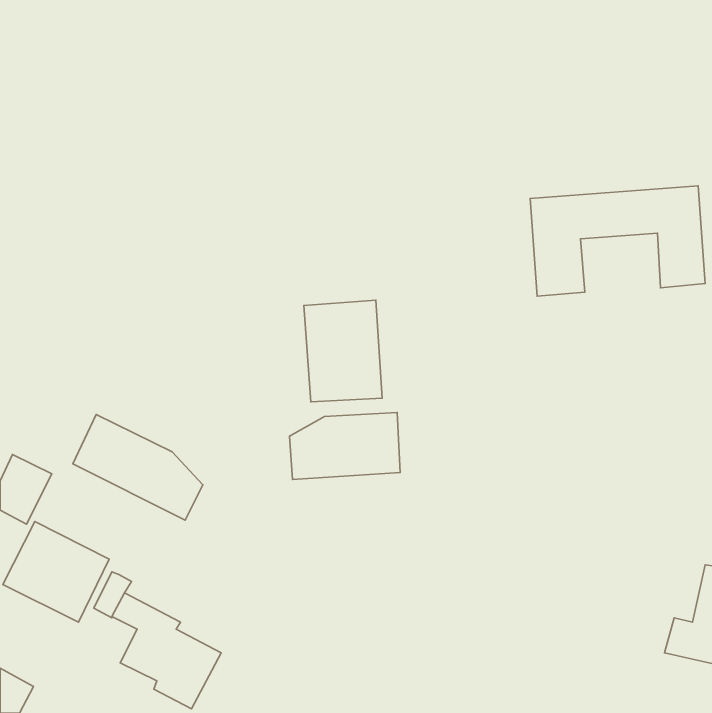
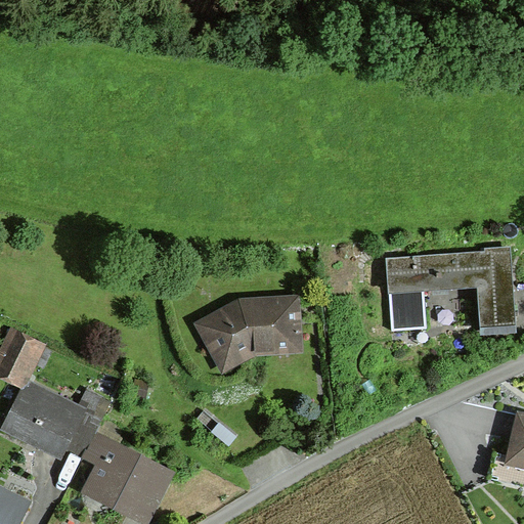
building: [530,186,705,296] -> [386,250,514,331]
building: [304,300,382,402] -> none
building: [73,414,203,520] -> none

